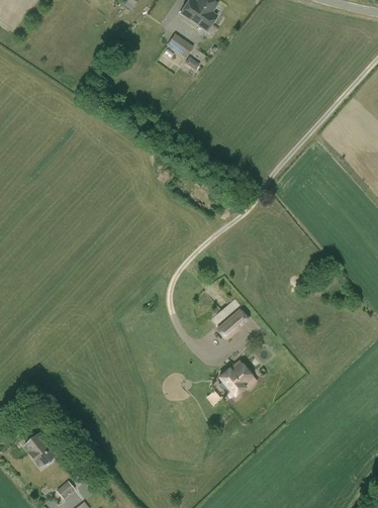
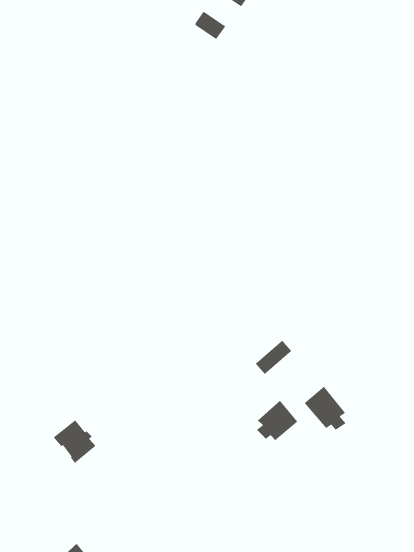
building: none -> [304,386,346,431]
building: [21,430,58,468] -> [53,420,96,464]

